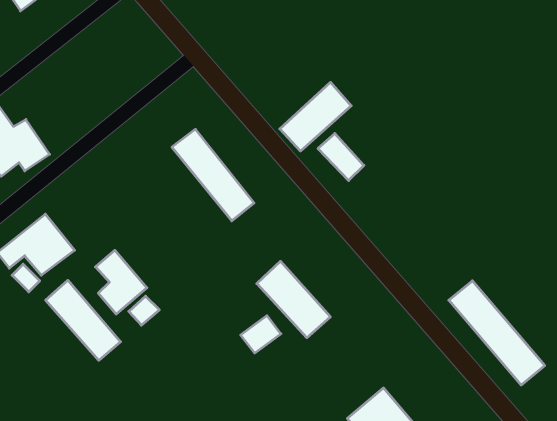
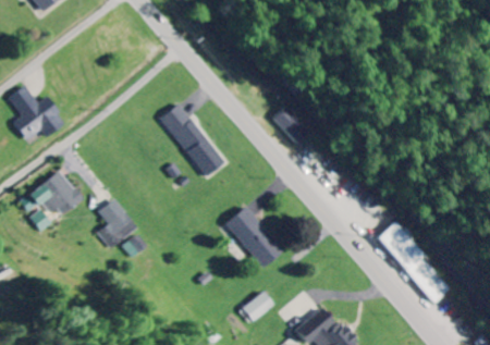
building: [280,82,351,151] -> none
building: [46,280,121,360] -> none
building: [241,316,281,353] -> [244,292,275,321]

